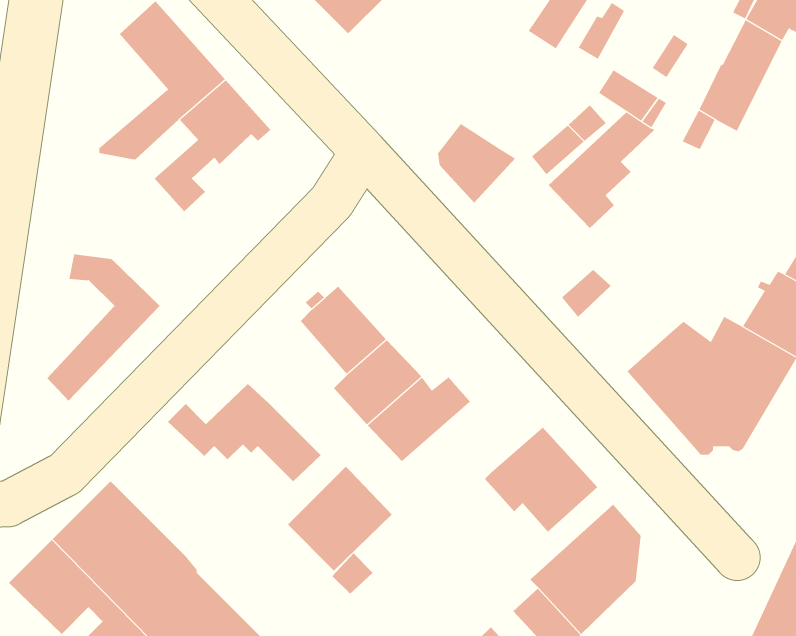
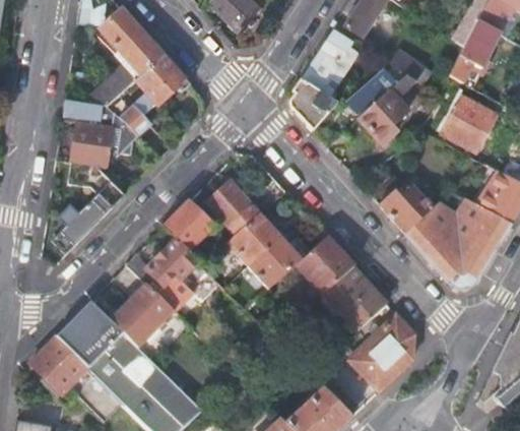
building: none -> [303,37,359,98]
building: none -> [441,96,497,153]
building: none -> [71,101,138,167]
building: none -> [381,186,434,233]
building: none -> [165,200,214,252]
building: none -> [302,240,355,294]
building: [287,466,393,571] -> [112,282,176,346]

